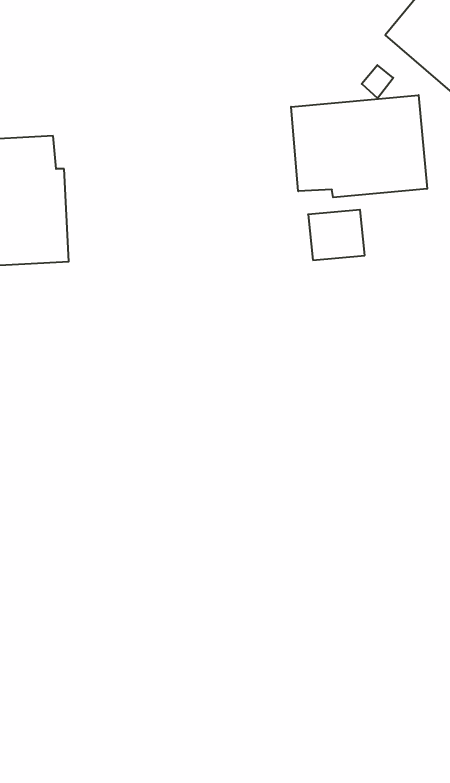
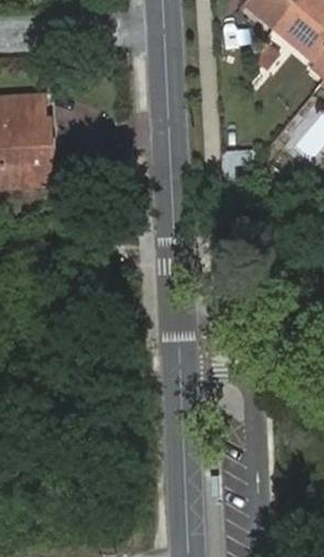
building: [291,95,427,197] -> none

